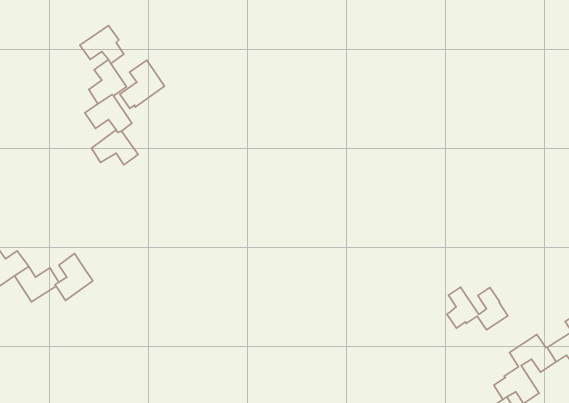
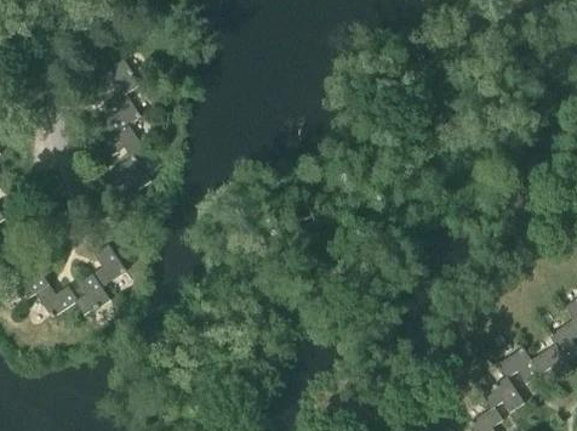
building: [120,60,165,109] -> none
building: none -> [92,245,126,288]
building: [447,287,508,330] -> none

